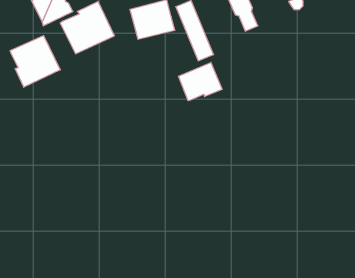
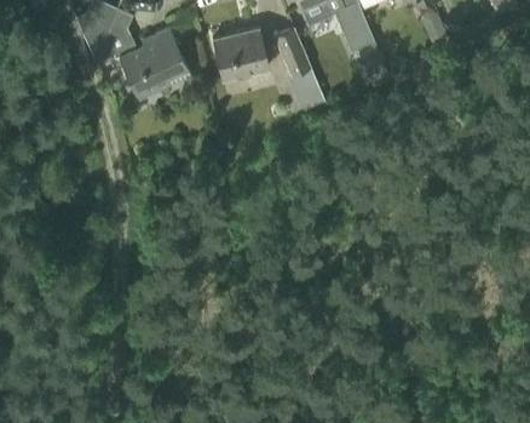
building: [10,36,60,87] -> none
building: [178,62,222,101] -> none

